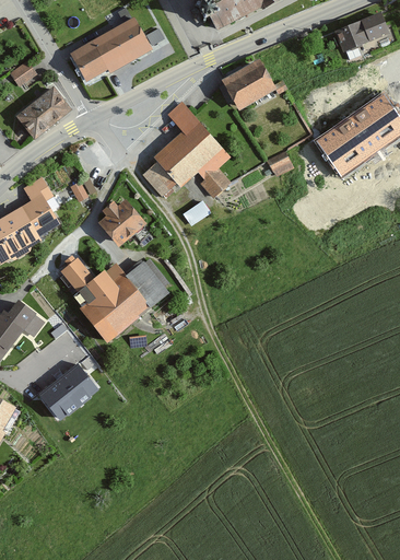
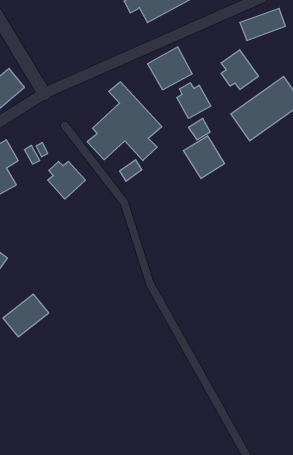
building: [74,8,154,78] -> none
building: none -> [221,50,258,90]
building: none -> [177,83,211,118]
building: none -> [183,136,224,179]
building: [58,261,167,346] -> none

